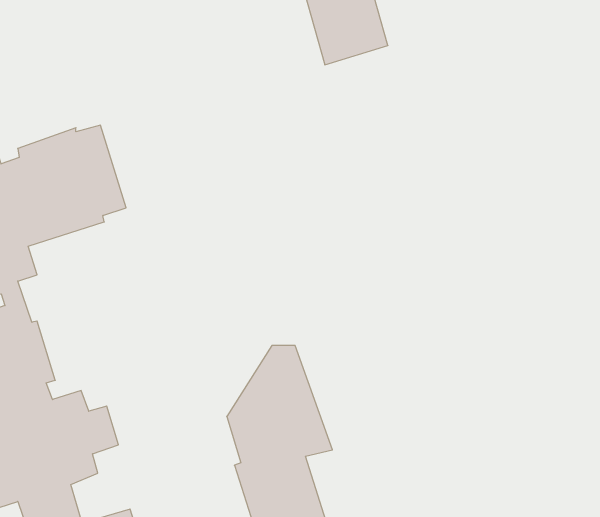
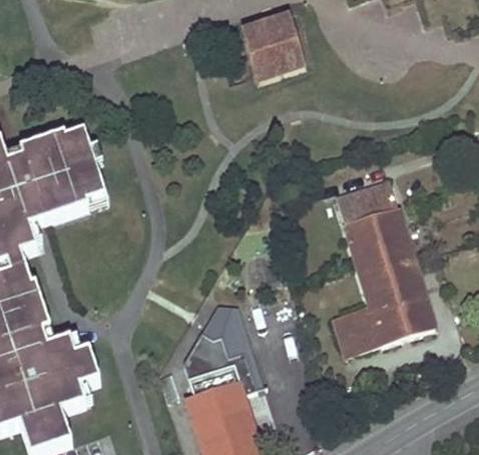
building: none -> [330,178,433,353]

